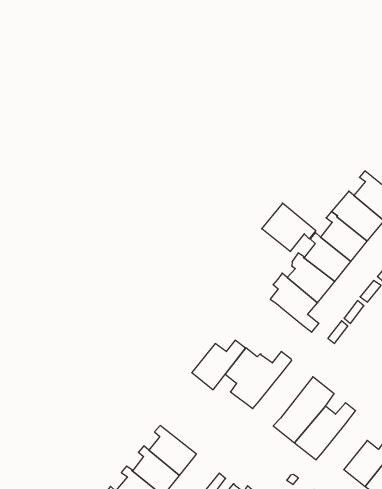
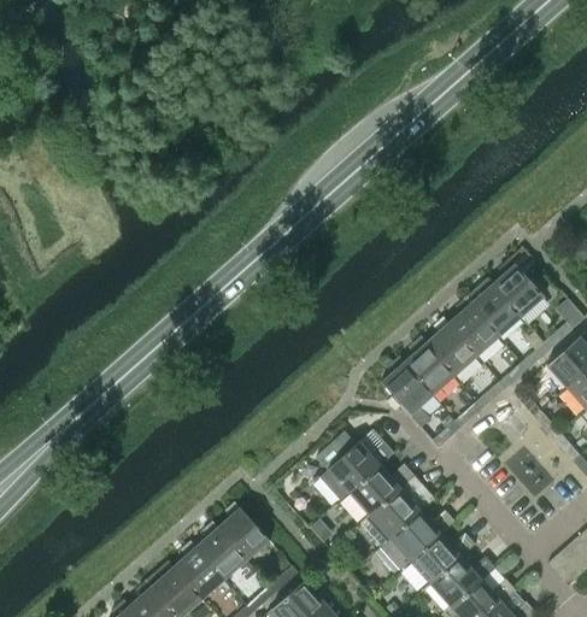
building: [262,203,316,252] -> none
building: [192,340,245,390] -> [350,468,413,518]
building: none -> [410,536,475,587]

